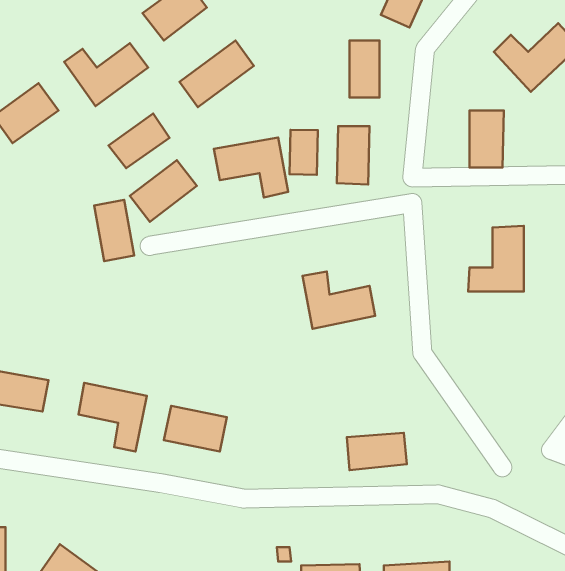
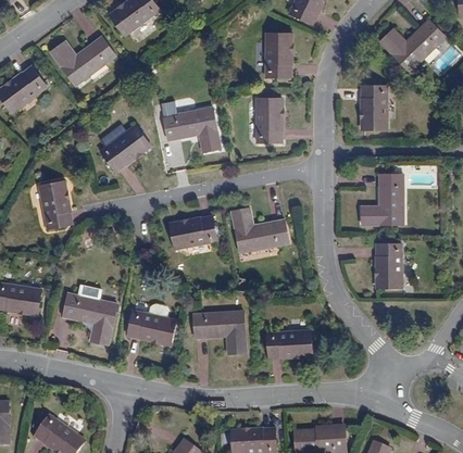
building: [180,40,254,107] -> none
building: [108,114,170,168] -> none
building: [289,130,318,175] -> none
building: [94,200,134,261] -> [40,183,71,229]
building: none -> [170,216,216,249]
building: none -> [374,244,399,288]
building: none -> [193,312,246,354]

